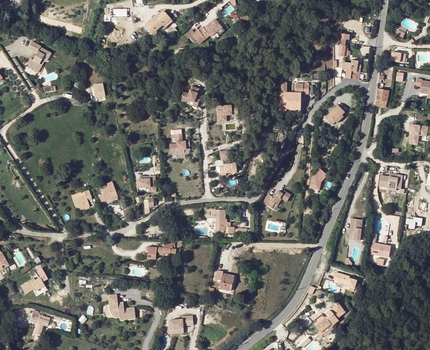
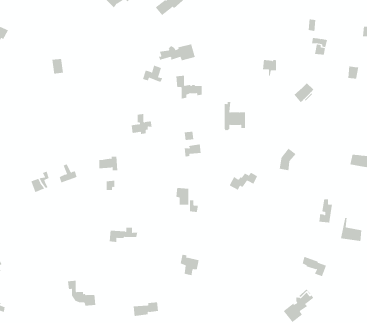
building: none -> [158,43,195,61]
building: [279,82,300,110] -> [224,102,246,131]

